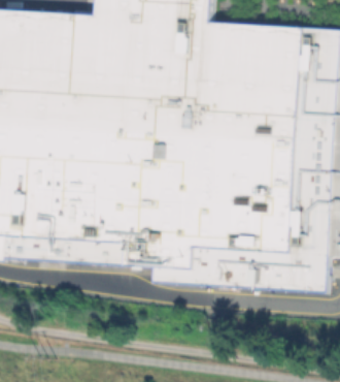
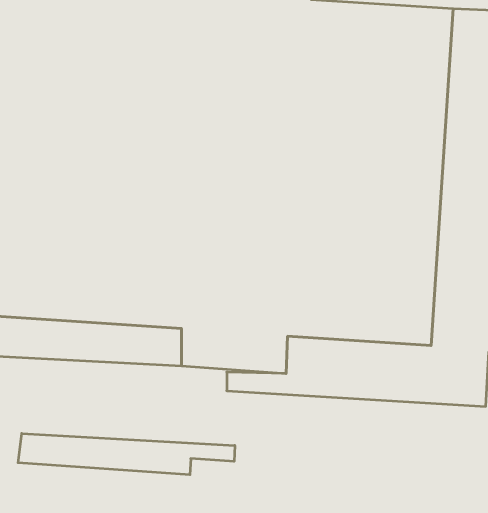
building: none -> [18,433,235,475]

